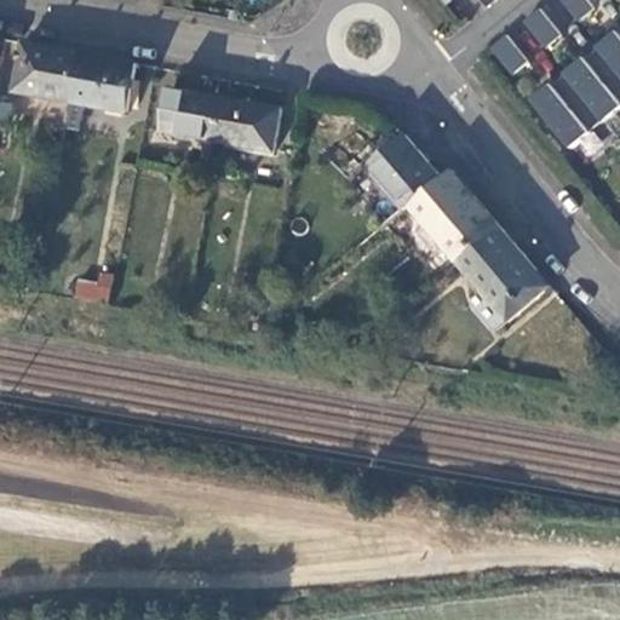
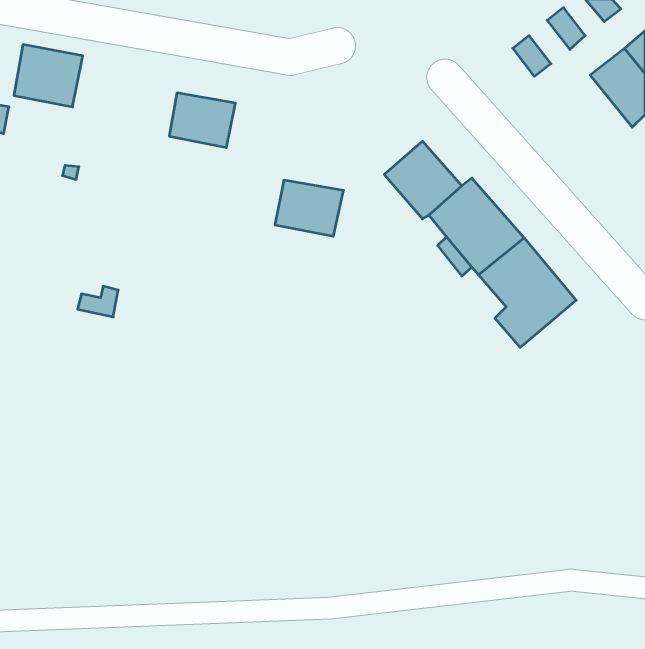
building: [64,53,134,131] -> none
building: [529,71,601,148] -> none
building: [216,98,281,151] -> [275,180,344,236]

